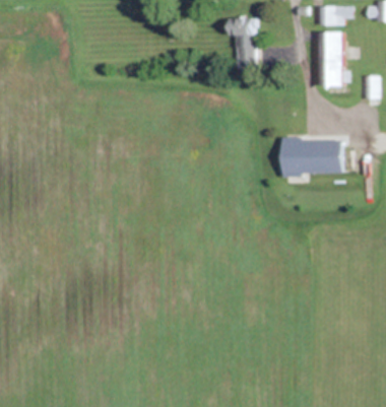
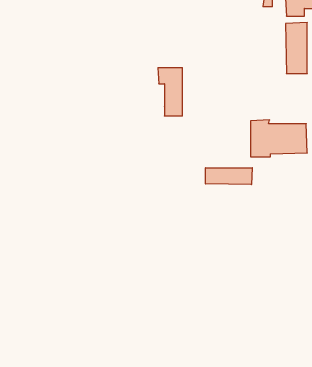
building: [227,18,253,70] -> [158,68,182,116]
building: none -> [206,168,252,185]

